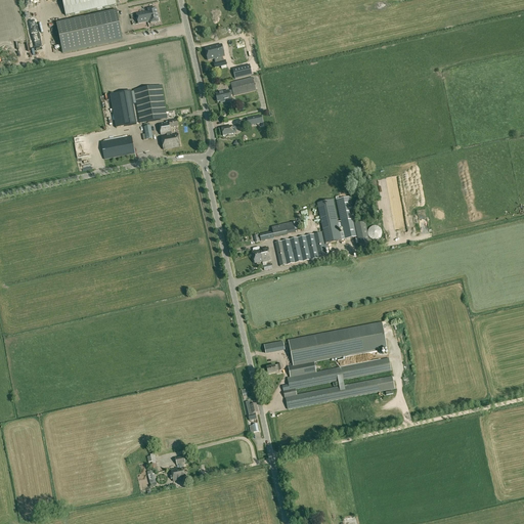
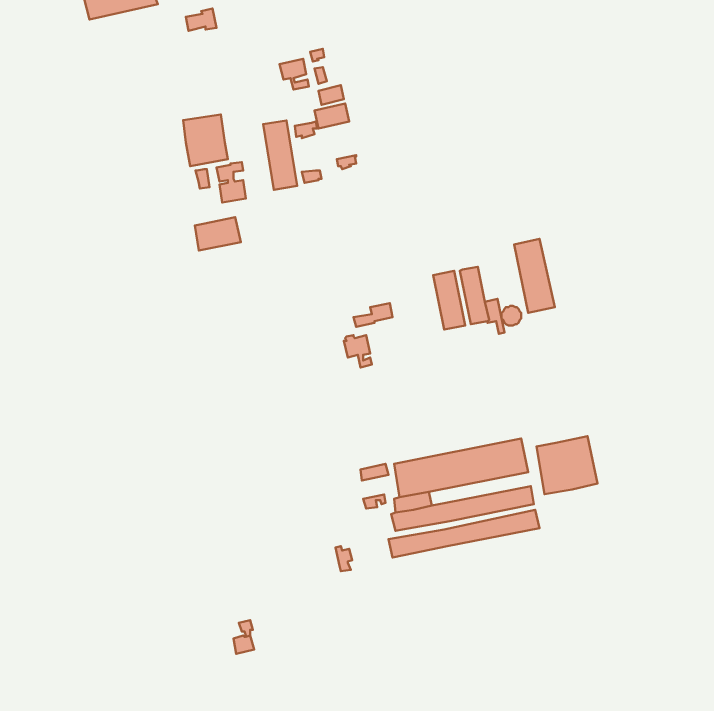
building: [56,8,123,51] -> none
building: none -> [263,120,297,190]
building: [110,89,137,126] -> none
building: [101,134,135,159] -> [195,217,241,251]
building: [274,231,328,265] -> none
building: none -> [536,436,597,494]

